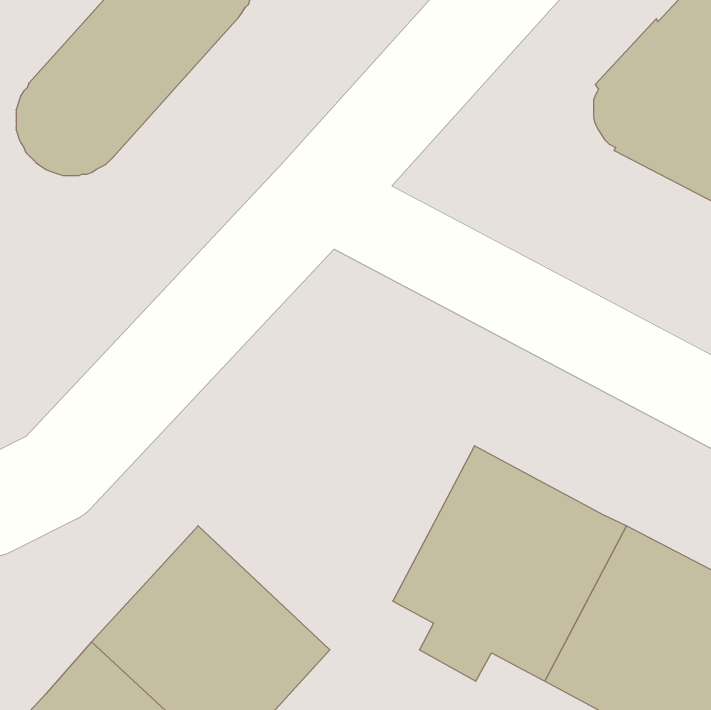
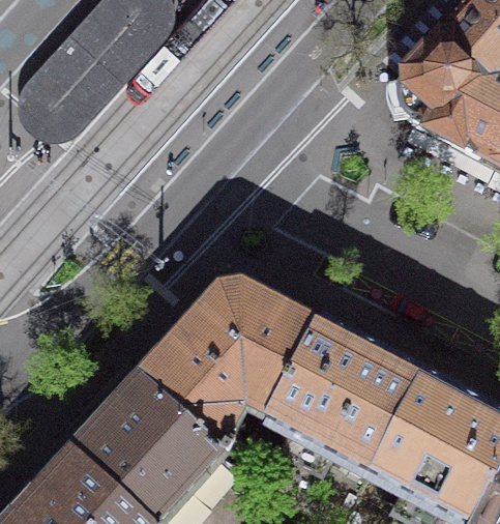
building: none -> [139,275,321,450]

